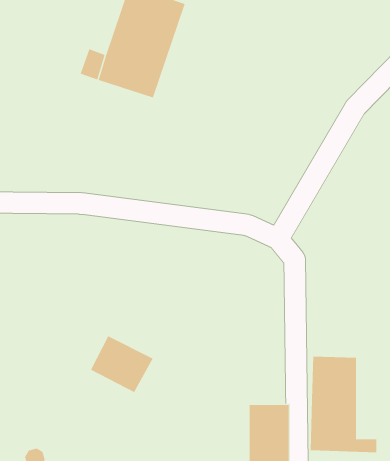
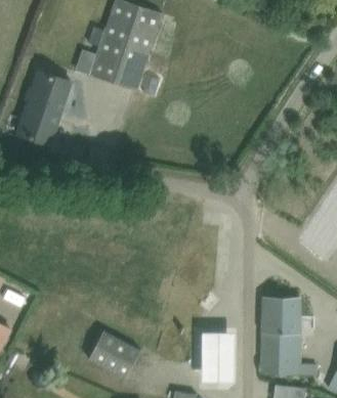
building: none -> [16,72,71,145]
building: [90,336,154,393] -> [87,331,138,378]

